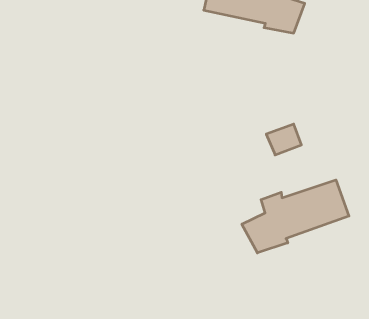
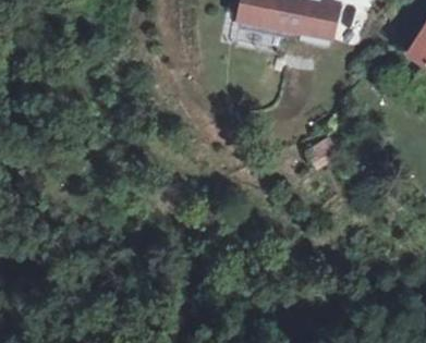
building: [242,180,349,253] -> none

